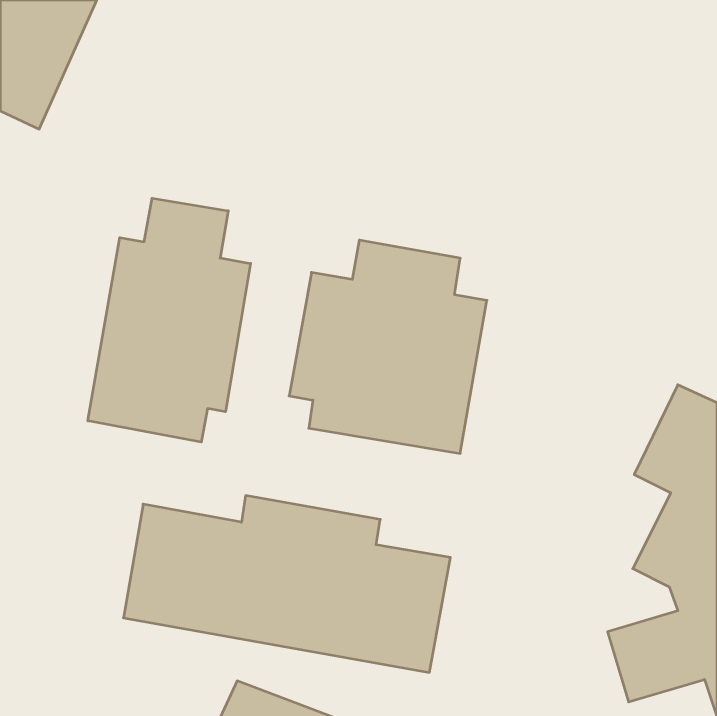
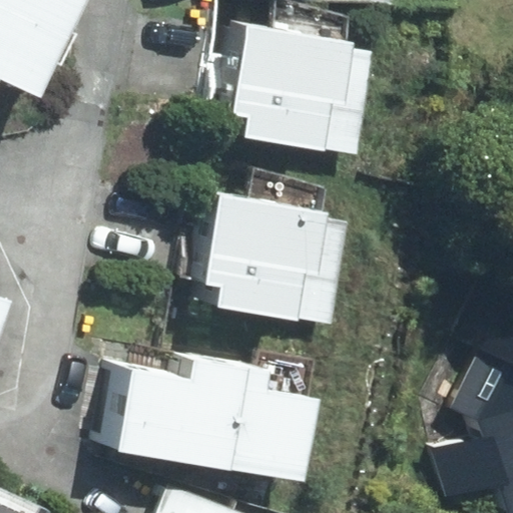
building: none -> [221,5,373,155]
building: [88,198,251,442] -> none

